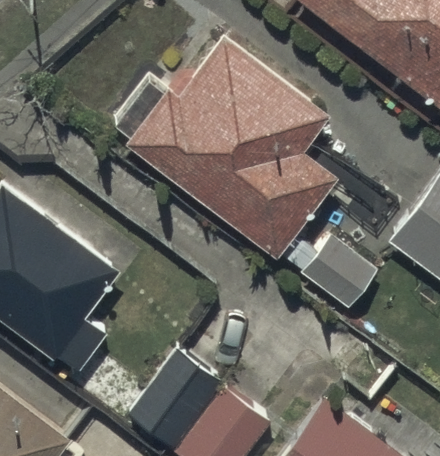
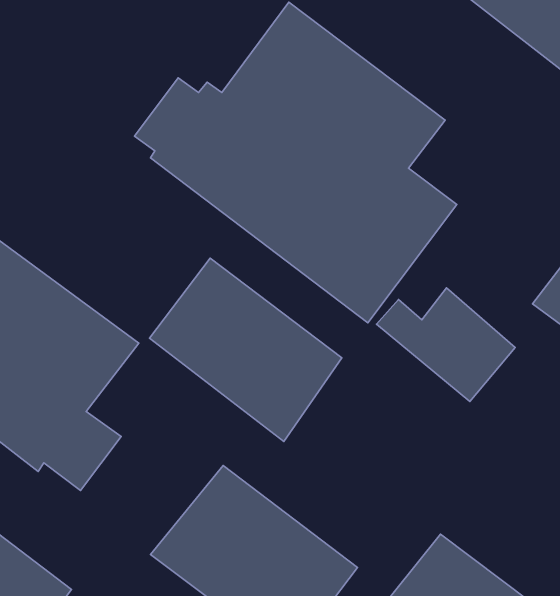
building: none -> [149,258,342,441]

